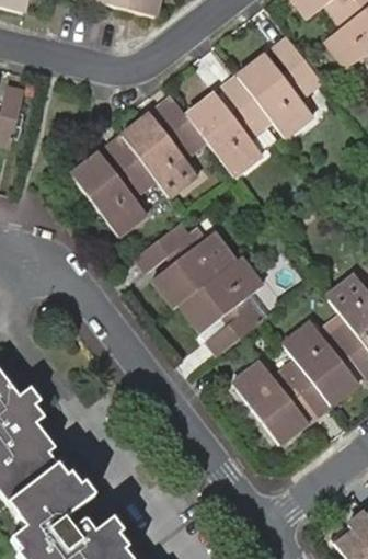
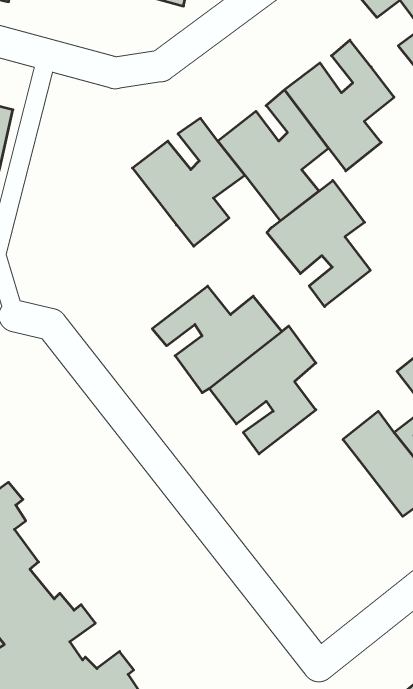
building: [72,137,156,236] -> none
building: none -> [267,180,370,307]
building: [232,362,330,446] -> none

